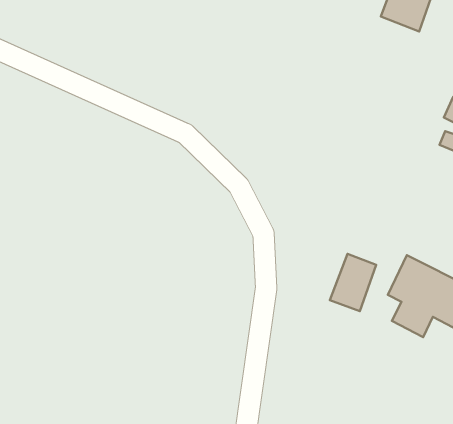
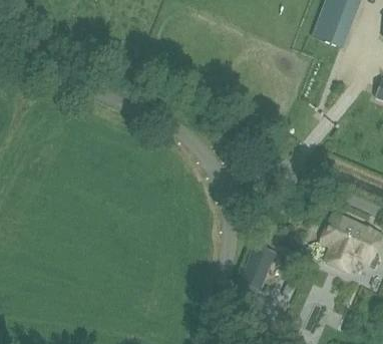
building: [330,254,376,311] -> [242,244,276,286]

